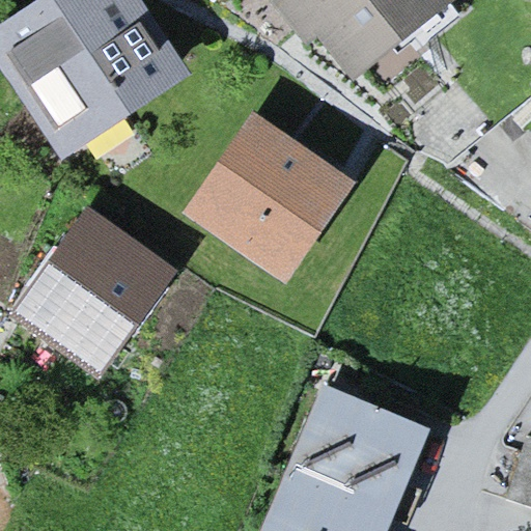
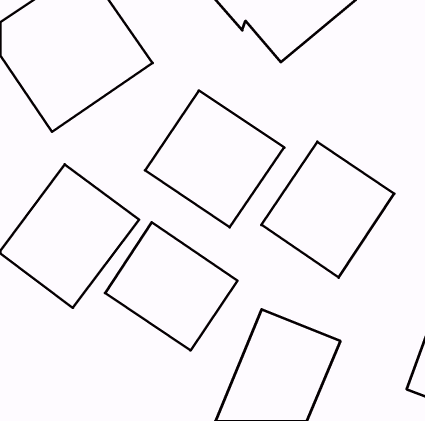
building: none -> [261,142,394,278]
building: none -> [105,222,237,350]

